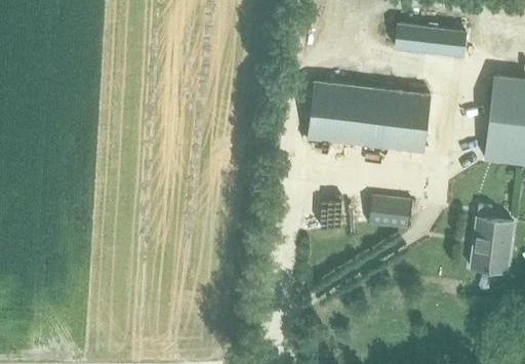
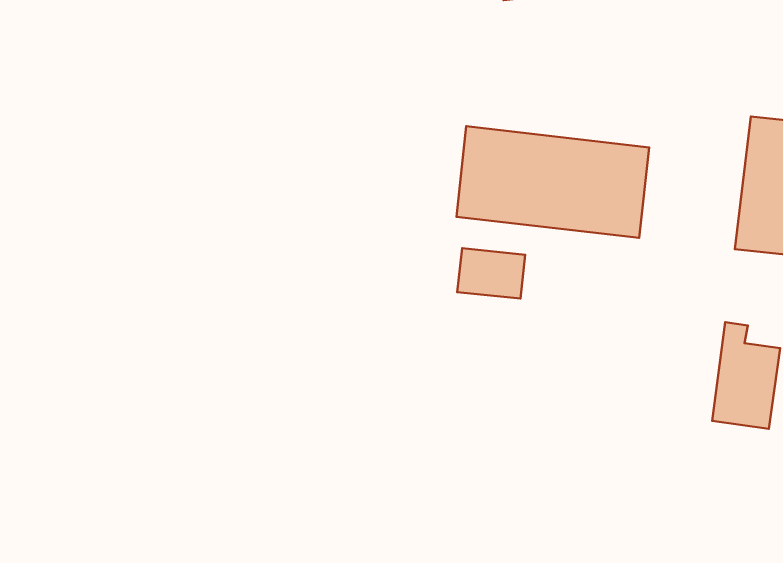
building: [395,24,466,56] -> none
building: [368,196,411,228] -> [457,248,525,298]

